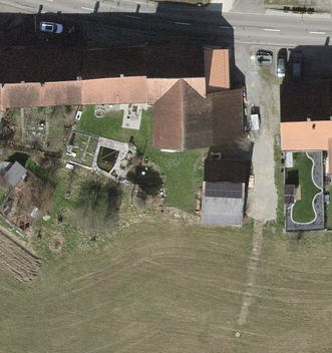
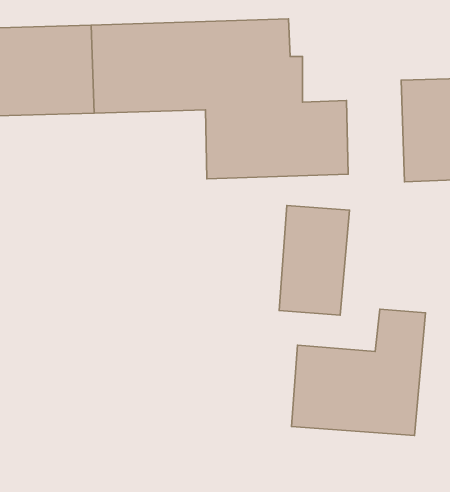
building: none -> [291,309,425,435]

